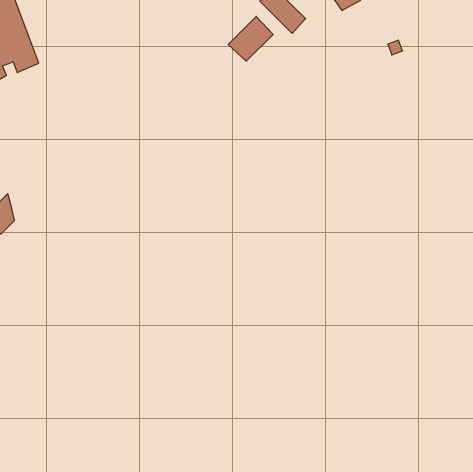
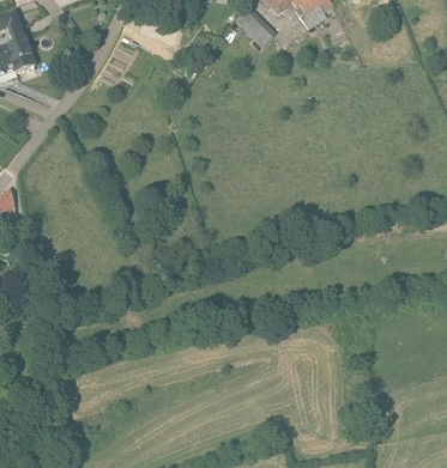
building: [228,16,273,61] -> none

